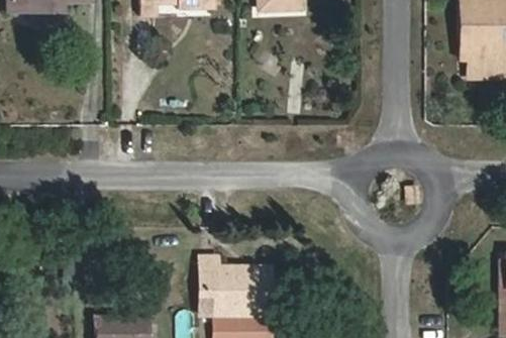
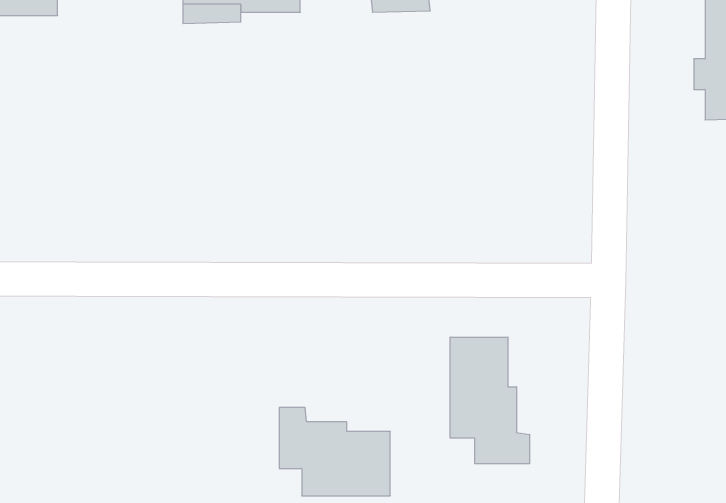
building: none -> [450,337,530,464]

